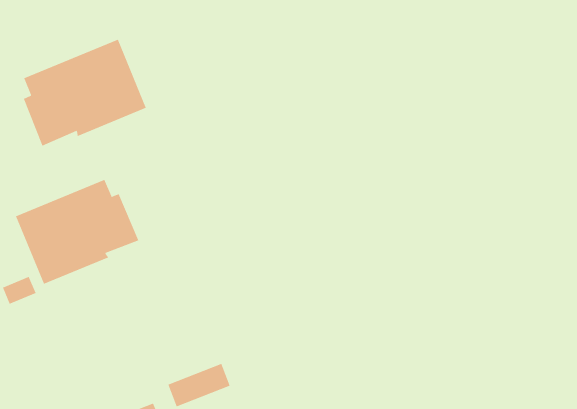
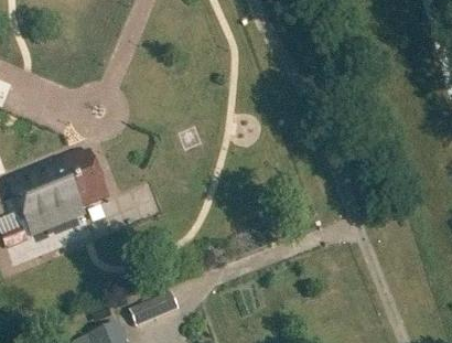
building: [23,39,146,146] -> none

